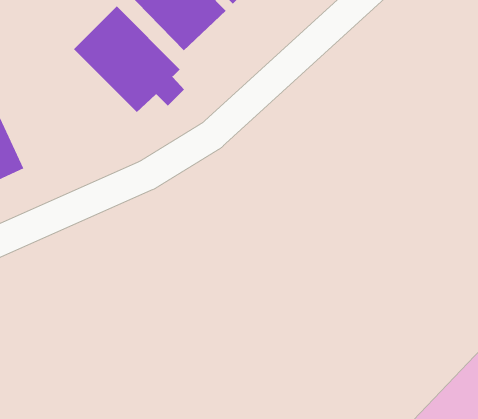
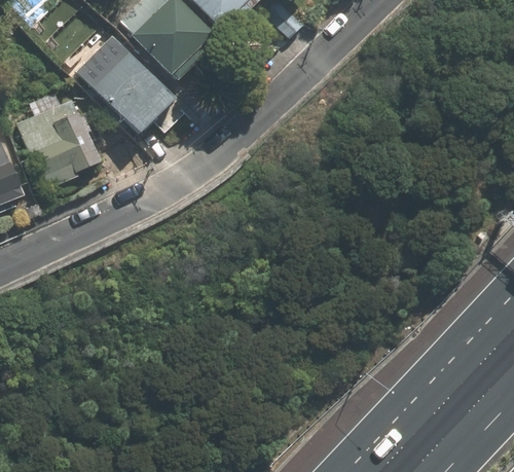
building: none -> [11,93,102,188]

